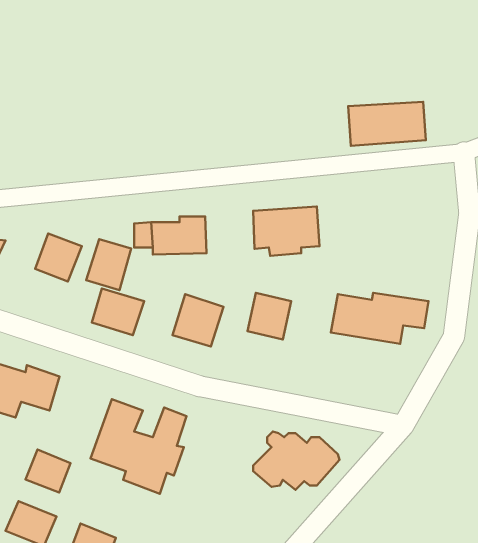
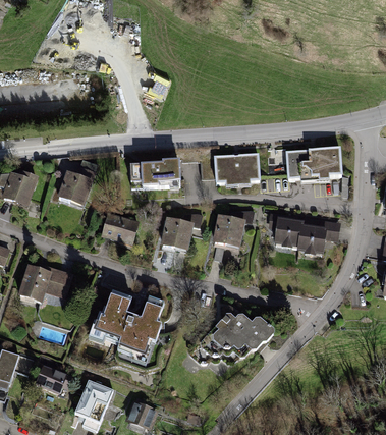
building: [348,102,426,146] -> [287,147,343,178]
building: [86,239,131,290] -> none
building: [25,449,71,493] -> none

